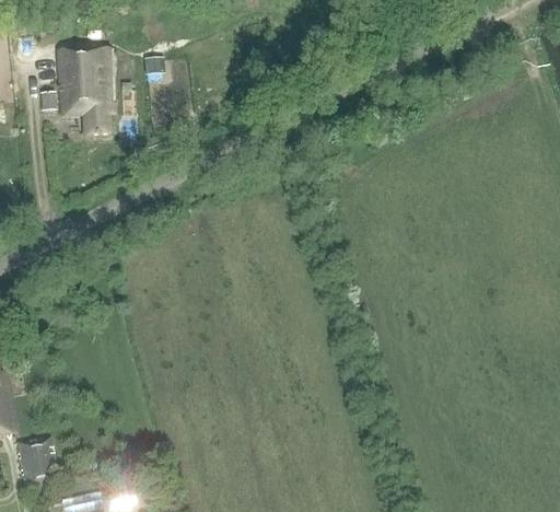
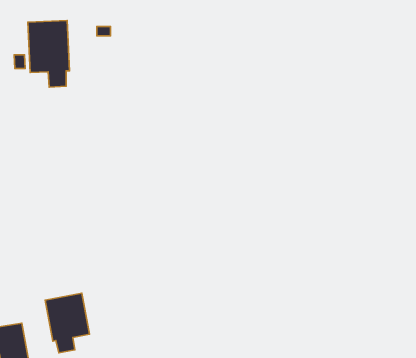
building: none -> [45,293,90,353]

